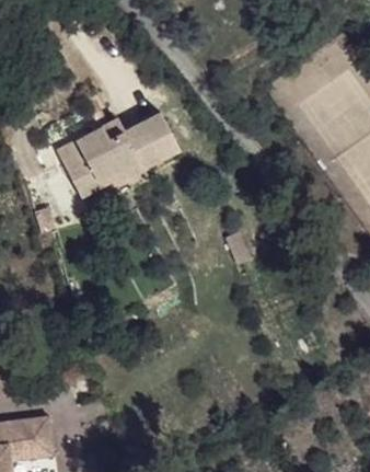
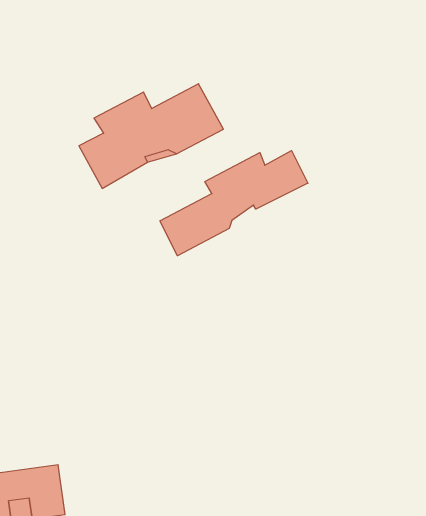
building: none -> [160,151,308,256]

